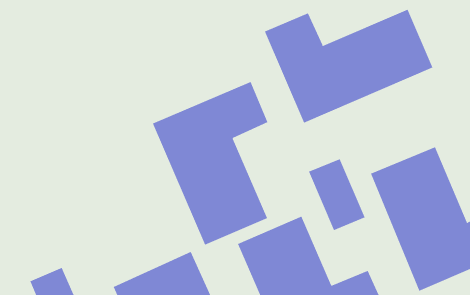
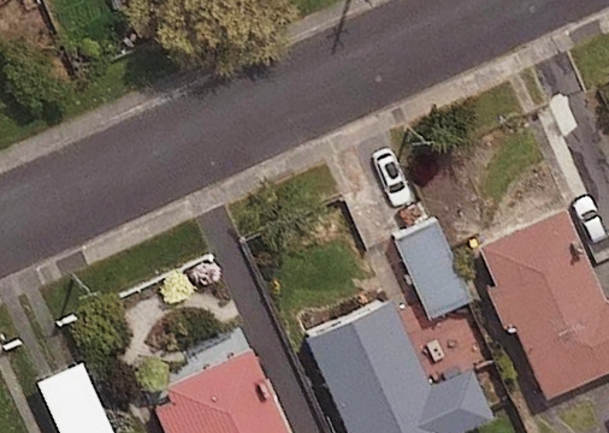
building: [264,9,433,124] -> none
building: [152,81,268,246] -> none

